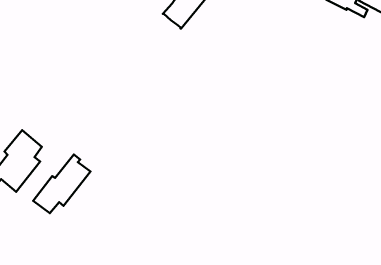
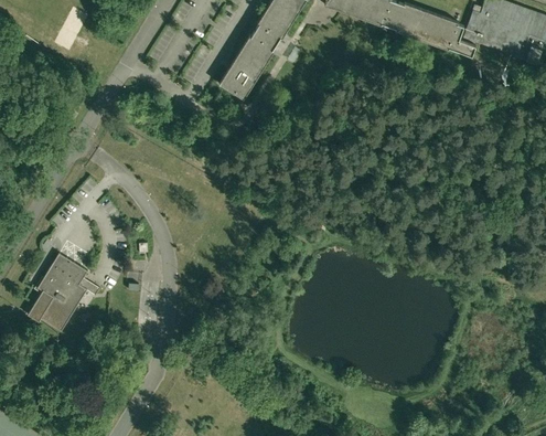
building: [33,154,90,213] -> none

